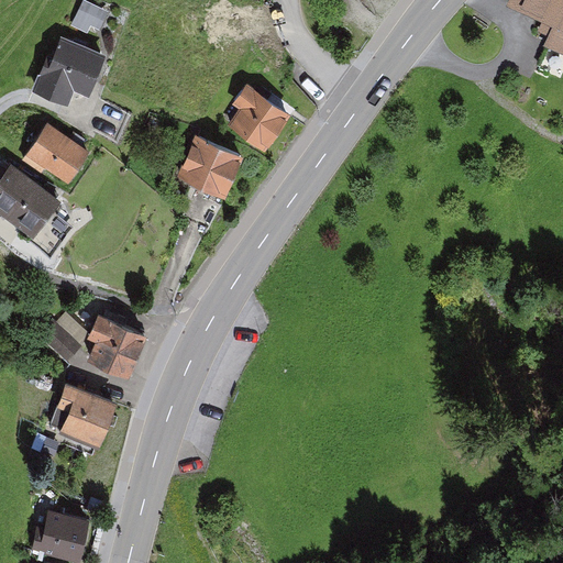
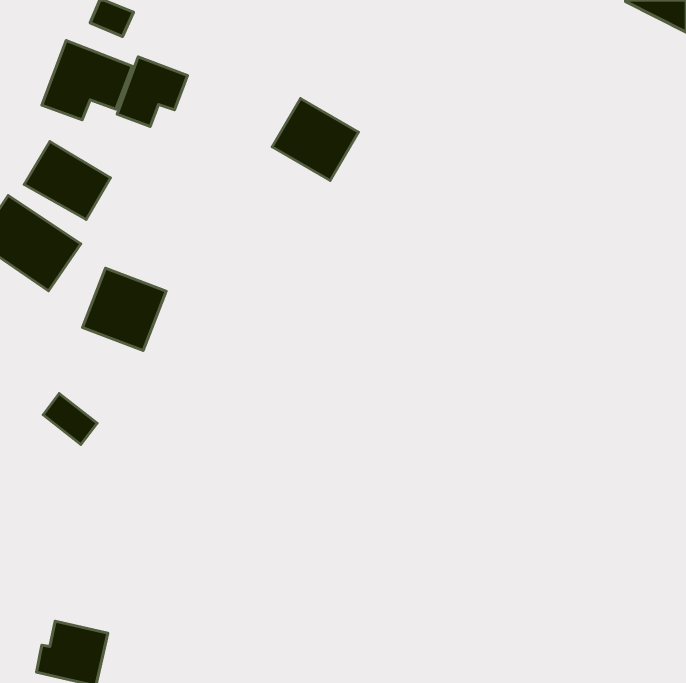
building: none -> [117,57,188,126]
building: [173,131,244,197] -> none
building: [79,312,147,379] -> [83,268,166,350]
building: [56,385,126,452] -> none

